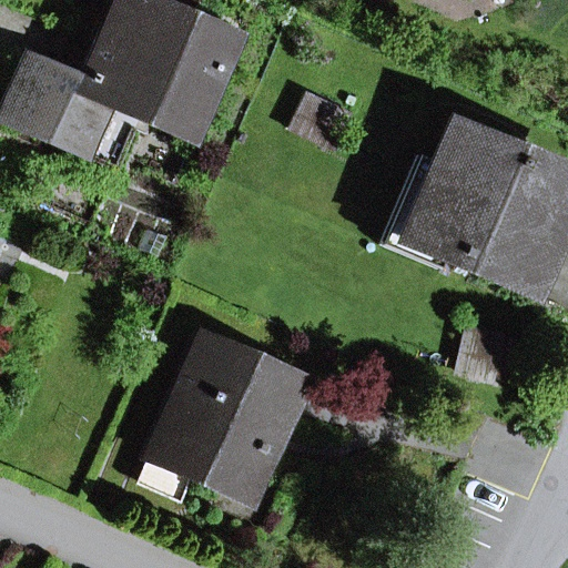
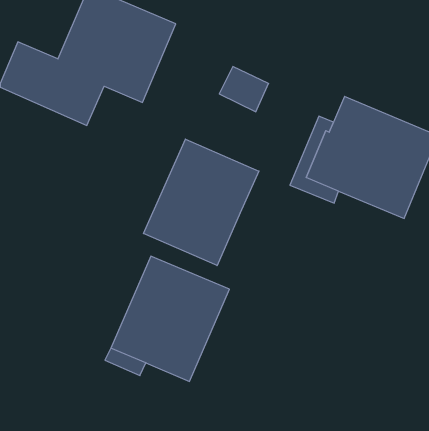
building: none -> [144,139,259,266]

